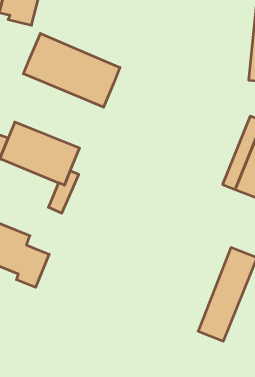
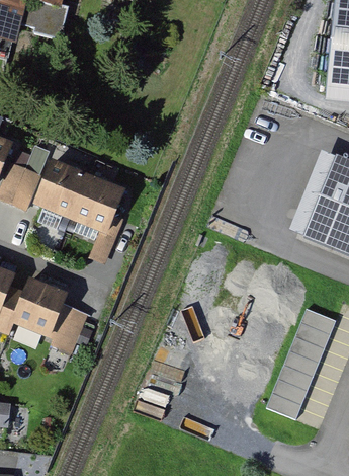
building: [23,33,120,107] -> none

